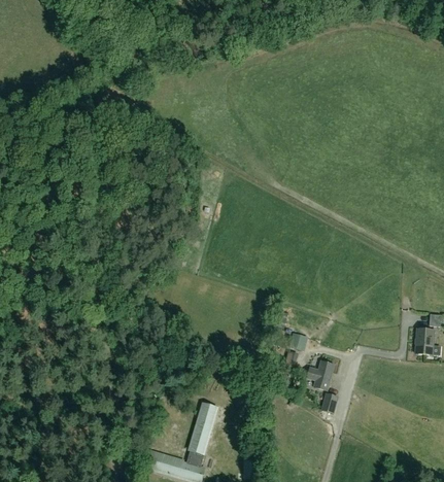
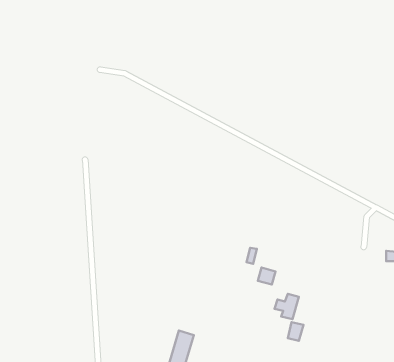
building: [415,329,433,354] -> none

